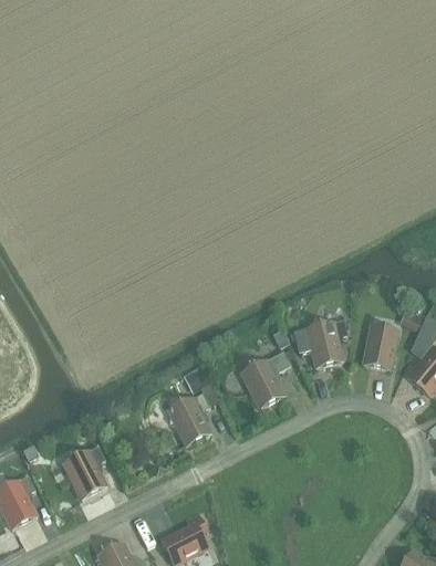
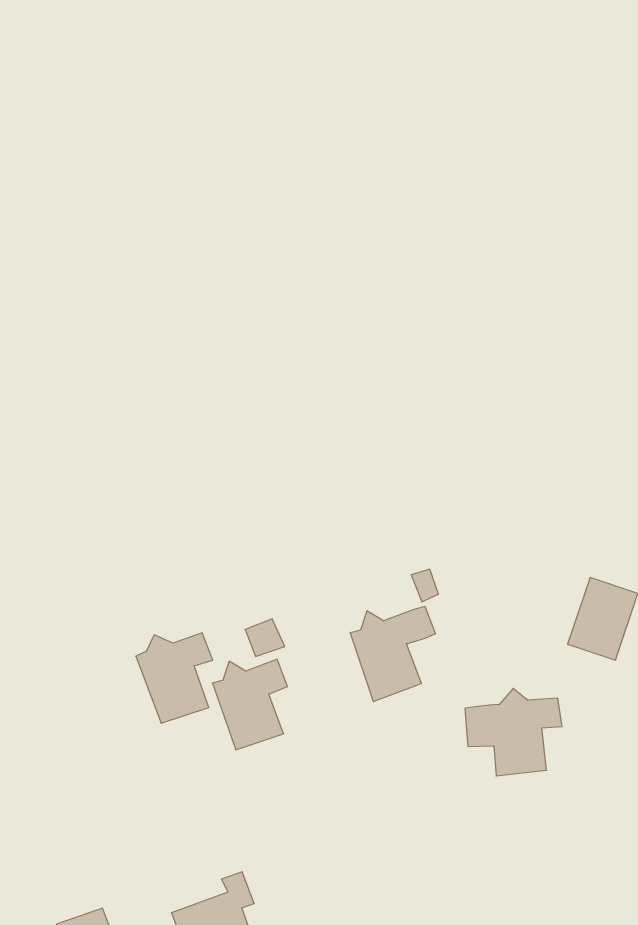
building: [292,316,347,366] -> [465,688,562,776]
building: [62,444,106,497] -> [136,633,213,723]

